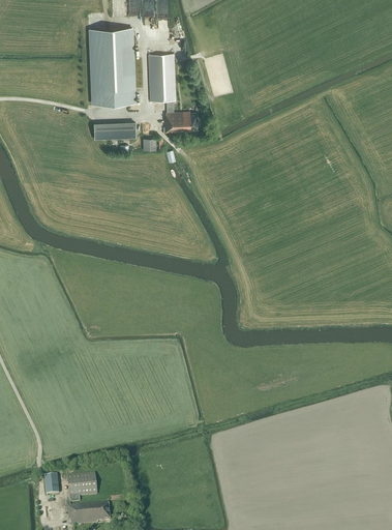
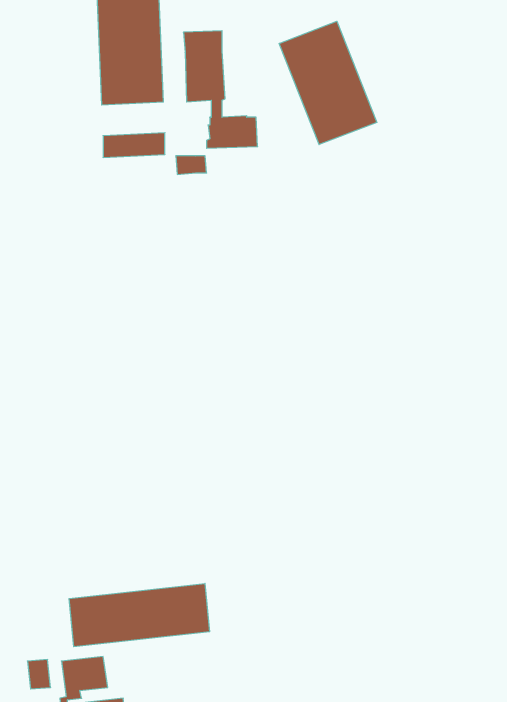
building: none -> [279,21,377,145]
building: none -> [69,583,210,647]

